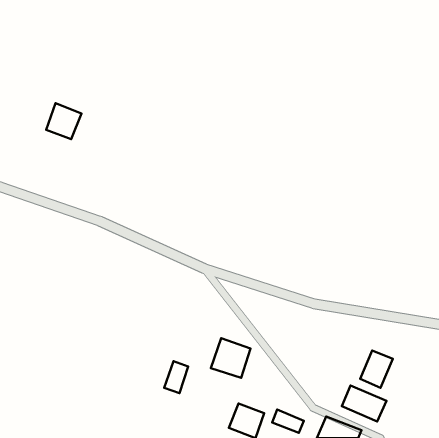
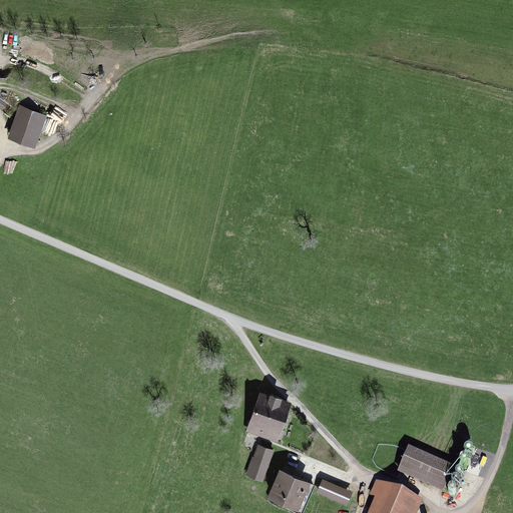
building: [46,103,81,139] -> [7,106,48,148]
building: [360,351,393,388] -> none
building: [164,361,188,393] -> [245,446,274,483]

